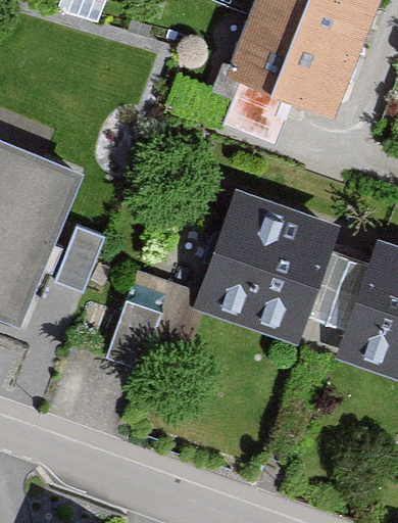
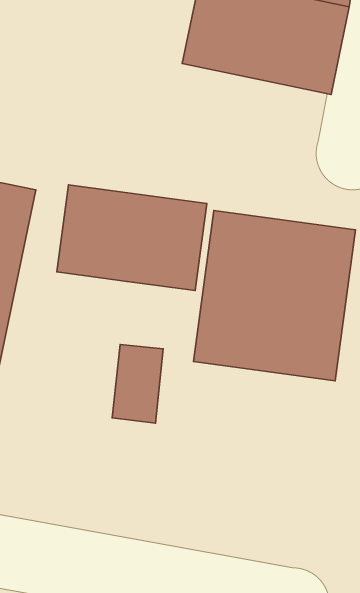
building: none -> [57,185,207,290]

